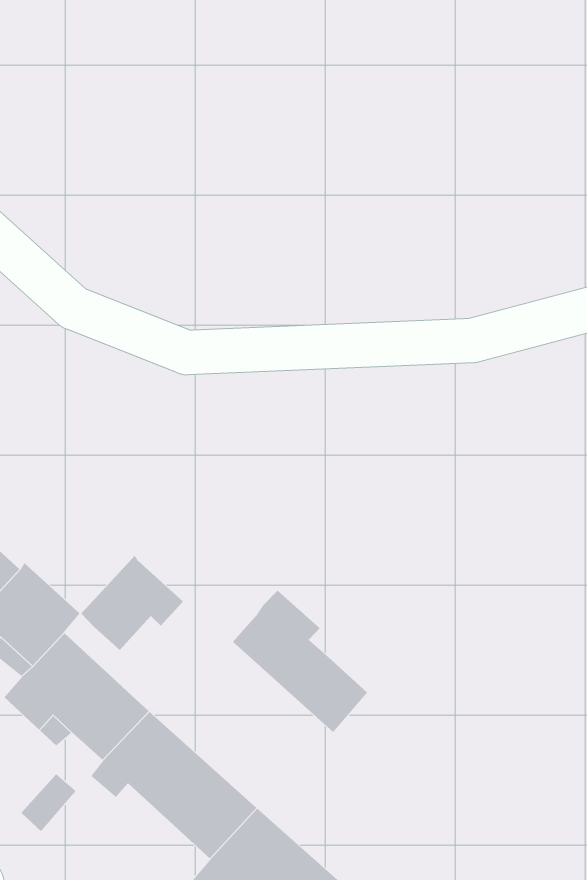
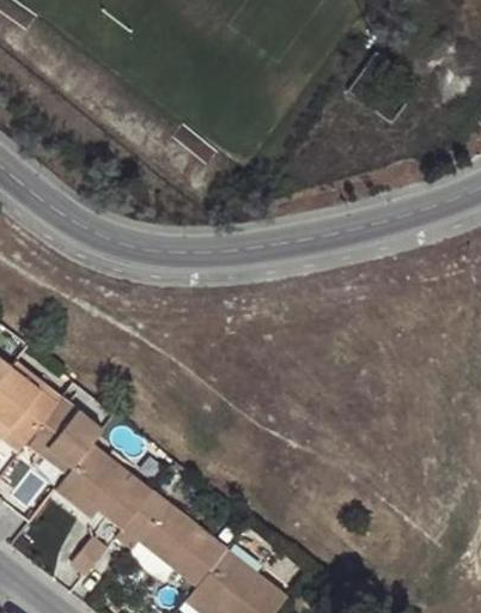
building: [80,555,184,651] -> none
building: [232,590,368,733] -> none

